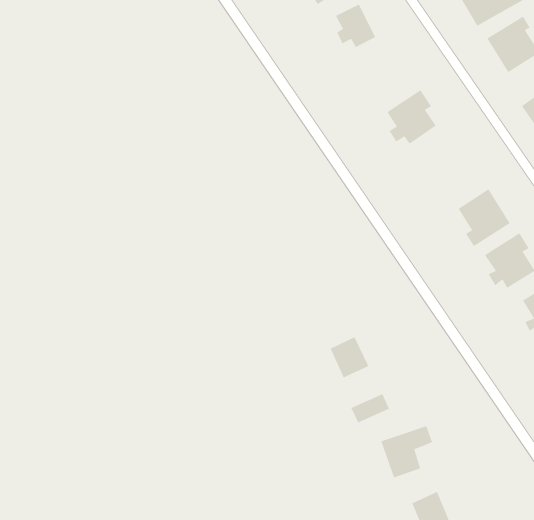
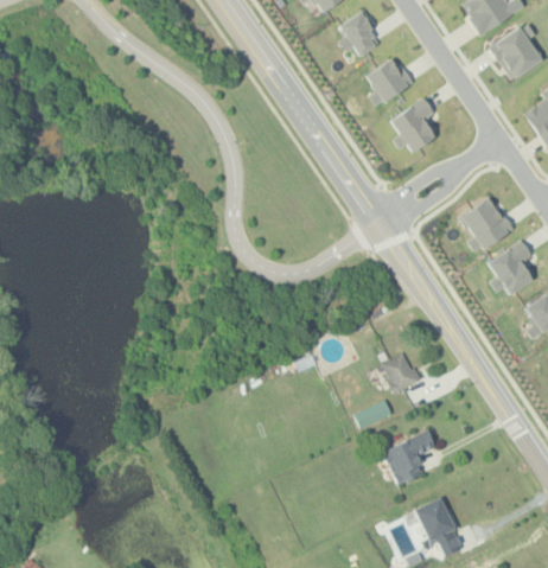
building: none -> [367,57,414,106]
building: [330,336,369,378] -> [382,351,421,393]

